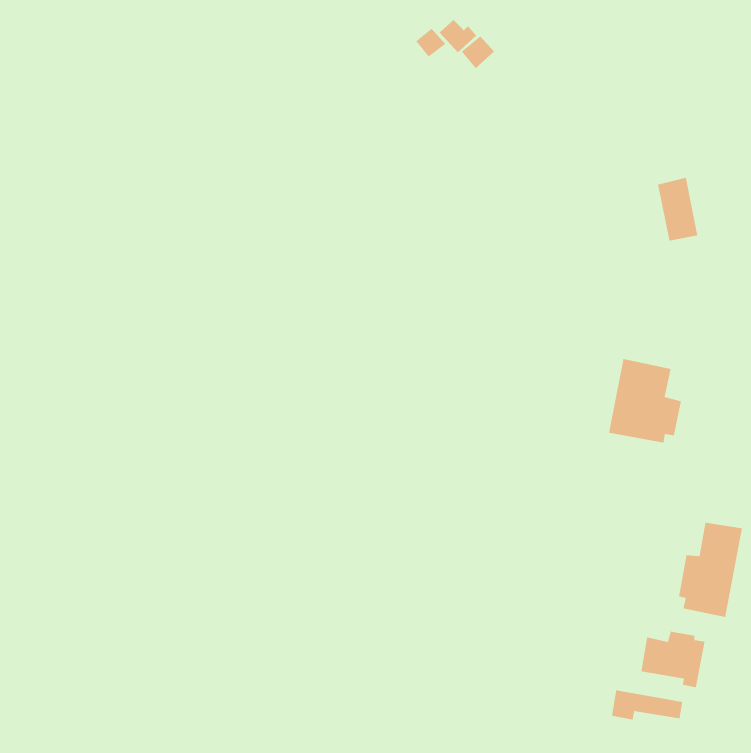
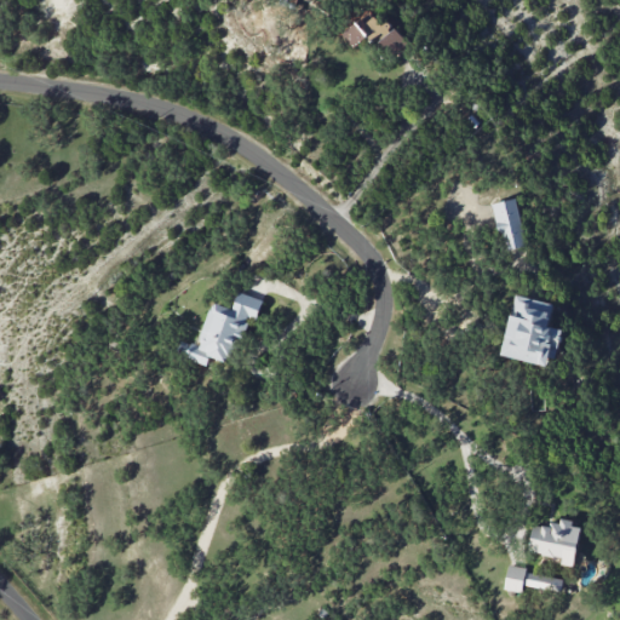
building: [657,177,698,242] -> [490,197,524,251]
building: none -> [184,292,262,364]
building: [678,522,743,618] -> none

